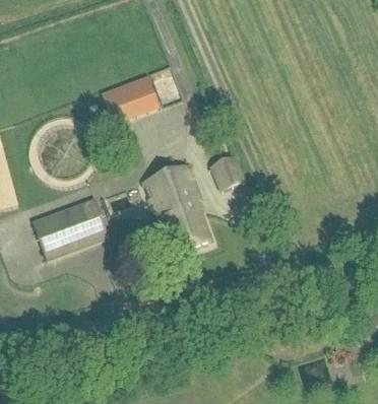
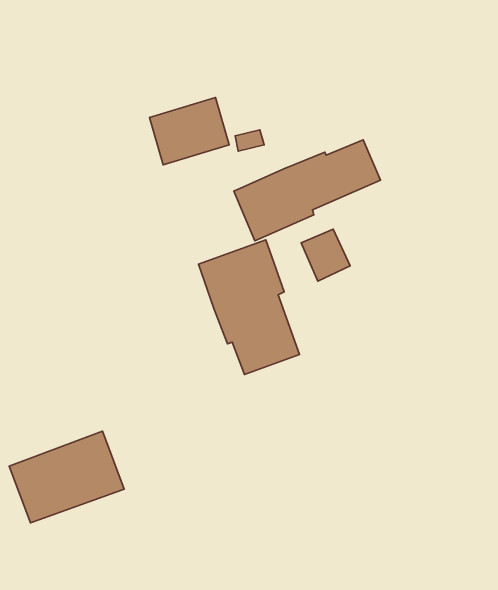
building: none -> [234,140,381,241]
building: [32,198,108,259] -> [9,431,124,523]

